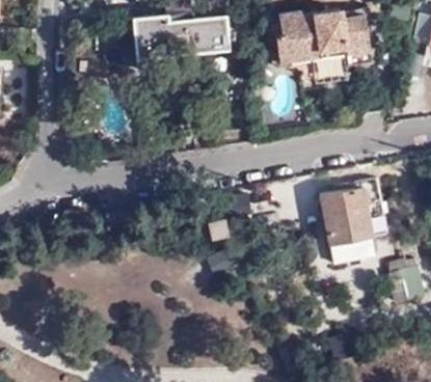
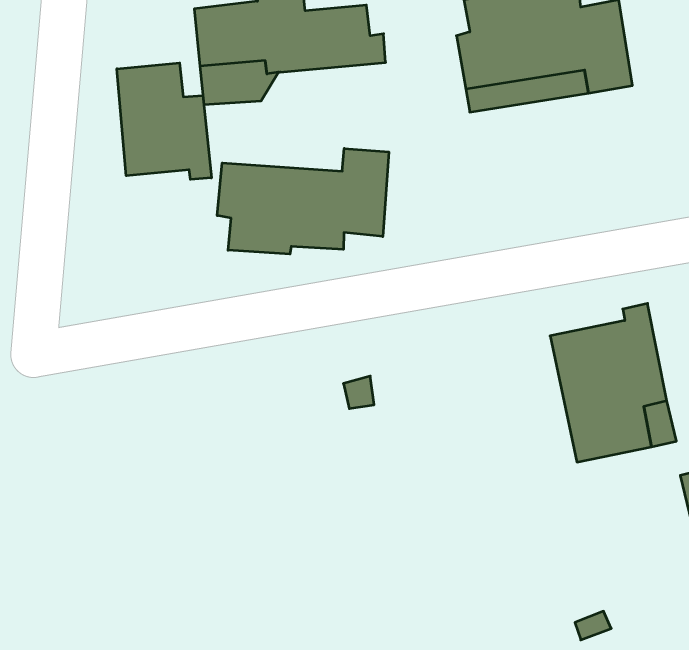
building: none -> [117,63,211,179]
building: none -> [217,148,389,254]

